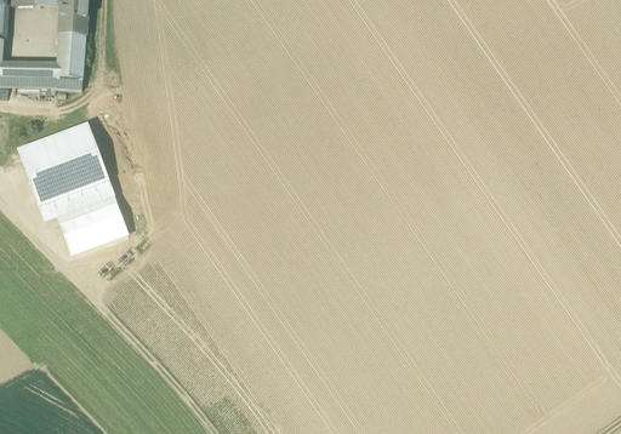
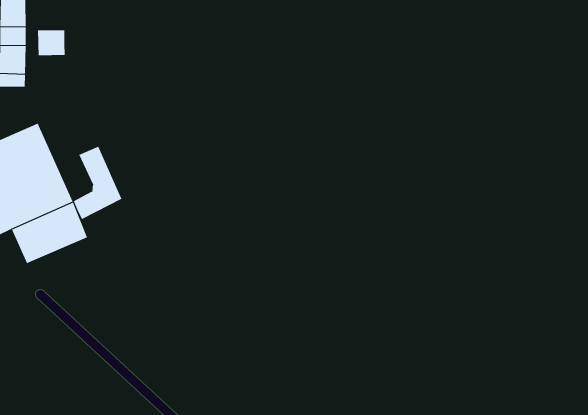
building: none -> [38,29,65,56]
building: none -> [73,146,122,220]

